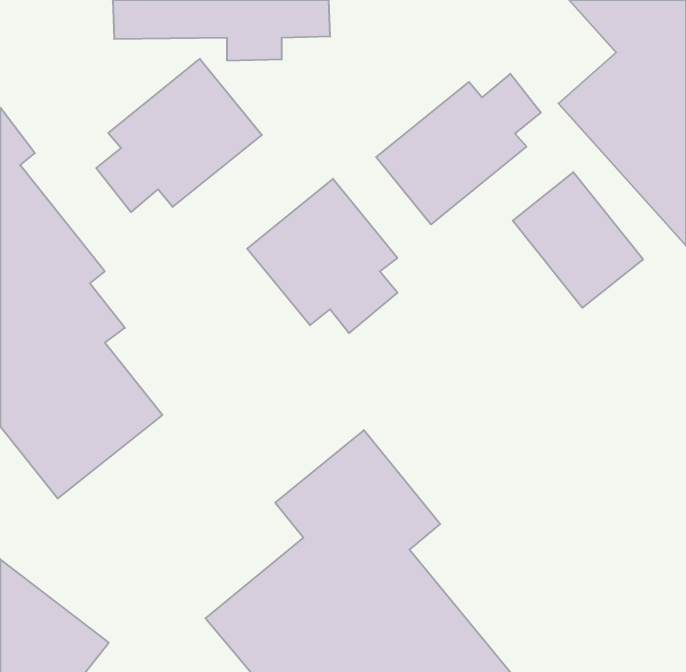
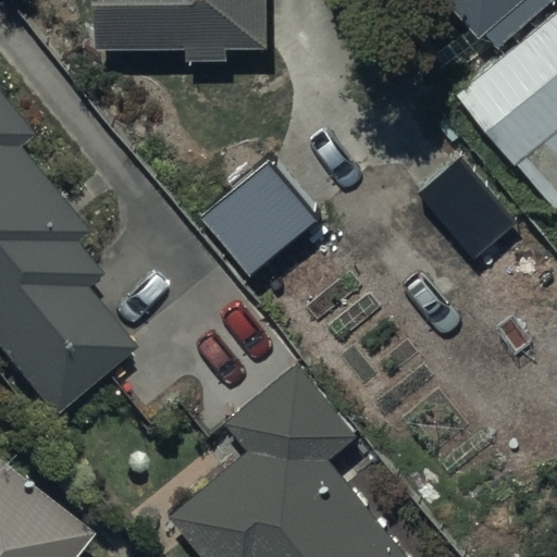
building: [96,59,262,212] -> none
building: [376,74,541,224] -> none

